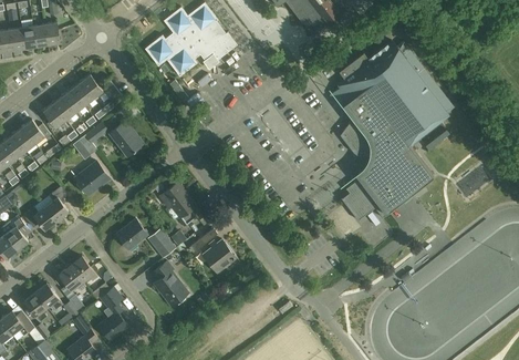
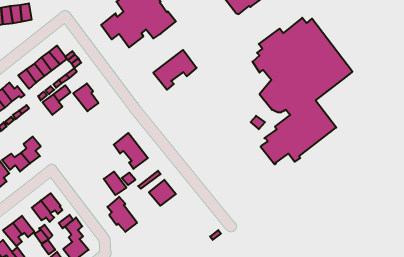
building: none -> [153,50,197,90]
building: [75,161,110,195] -> none
building: [118,218,147,249] -> none

